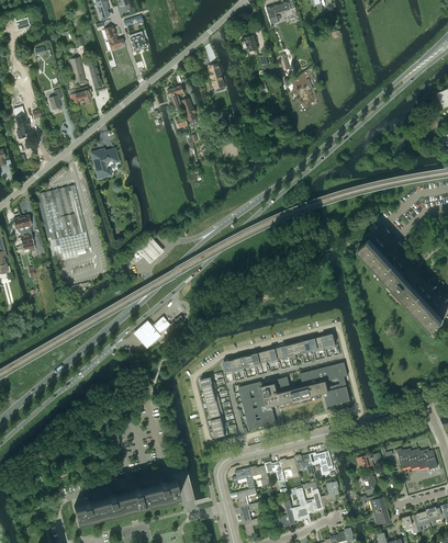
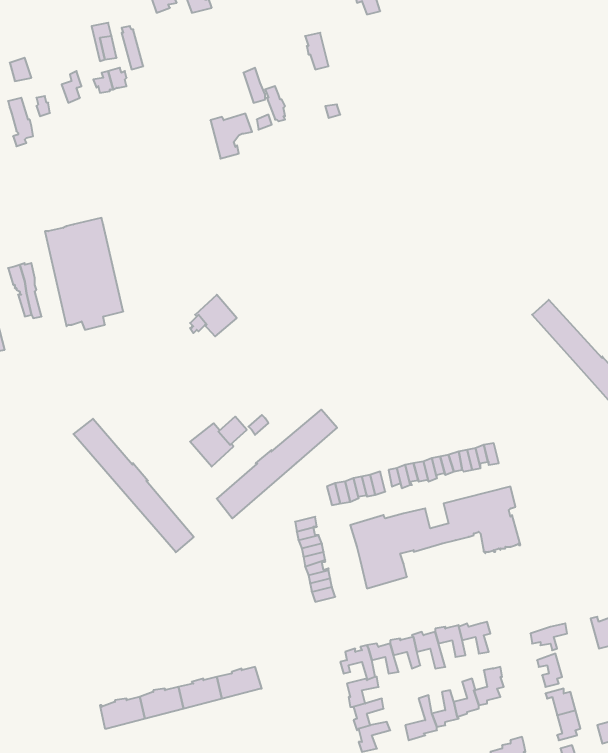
building: [91,148,119,178] -> [210,114,252,159]
building: none -> [217,410,337,518]
building: none -> [73,419,194,552]

